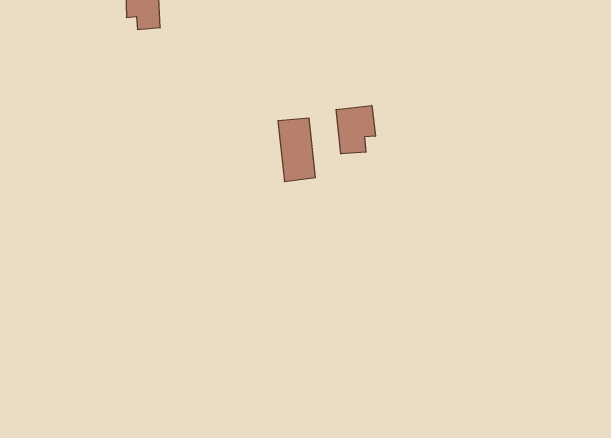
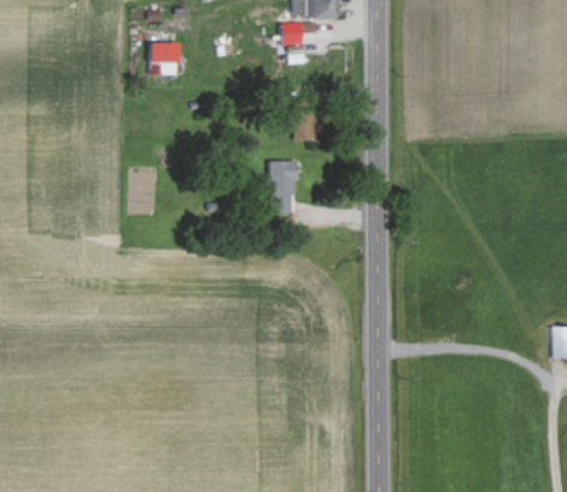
building: [336,105,375,154] -> none

